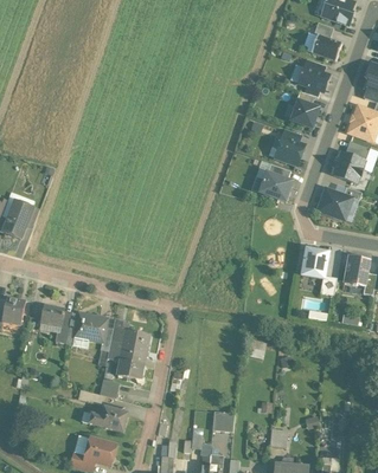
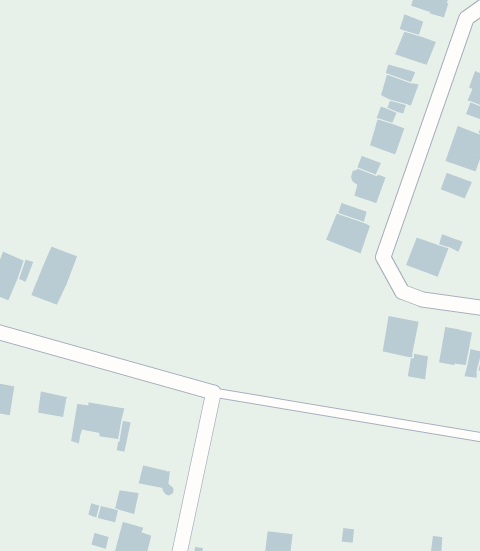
building: [333,153,364,182] -> none
building: none -> [30,246,78,305]
building: [114,320,149,365] -> none

